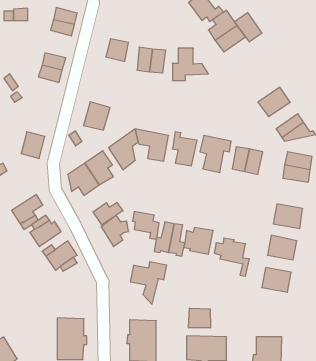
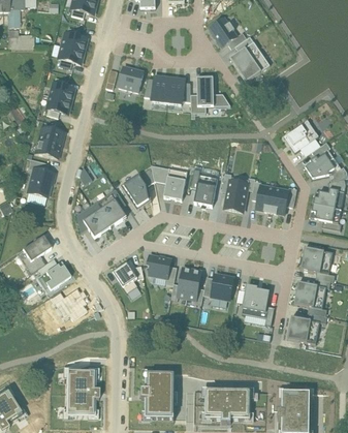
building: [234,12,262,42] -> none
building: [84,102,110,130] -> [34,126,63,157]
building: [93,202,123,225] -> none
building: [130,262,167,304] -> none
building: [189,308,210,328] -> none

